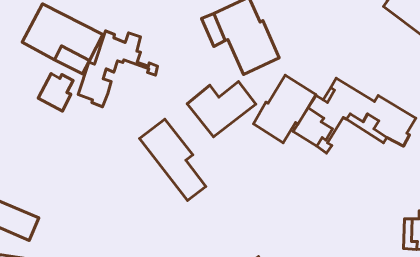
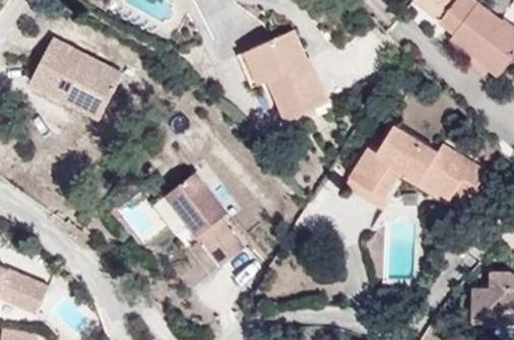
building: [78,31,158,107] -> none
building: [38,73,73,111] -> none
building: [253,75,316,143] -> none
building: [187,81,256,137] -> none

